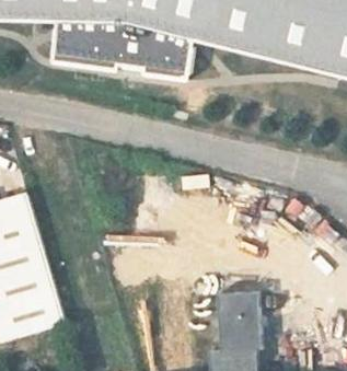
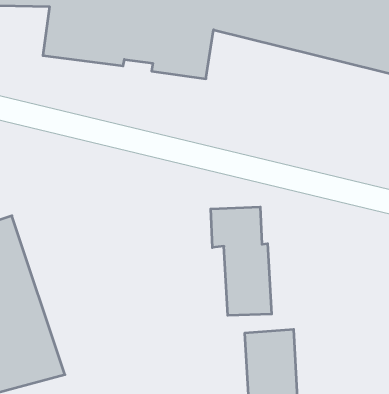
building: none -> [211,207,272,315]

